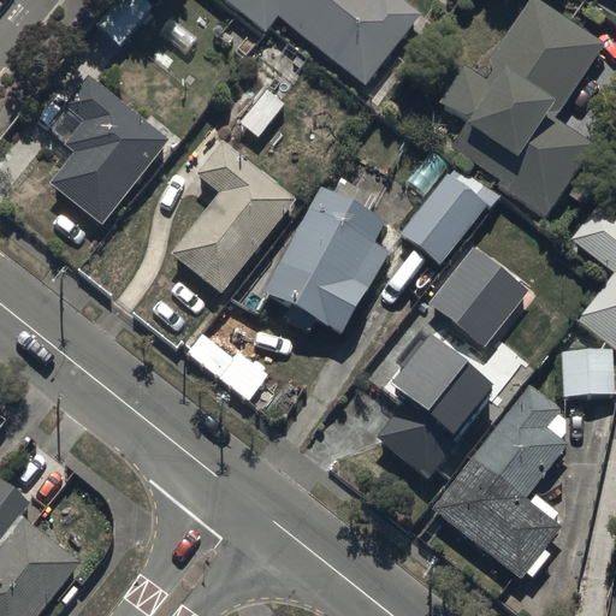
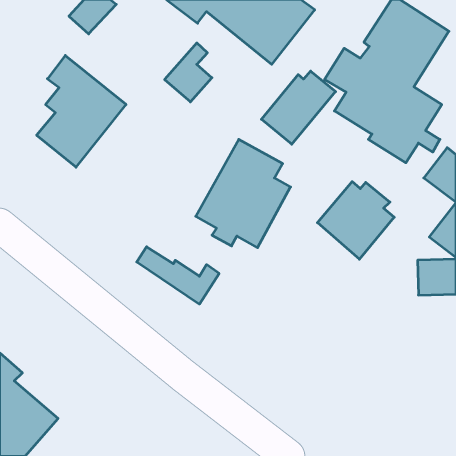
building: [170,140,297,294] -> none
building: [397,168,497,267] -> [261,71,336,144]
building: [377,336,497,476] -> none
building: [430,381,569,579] -> none

